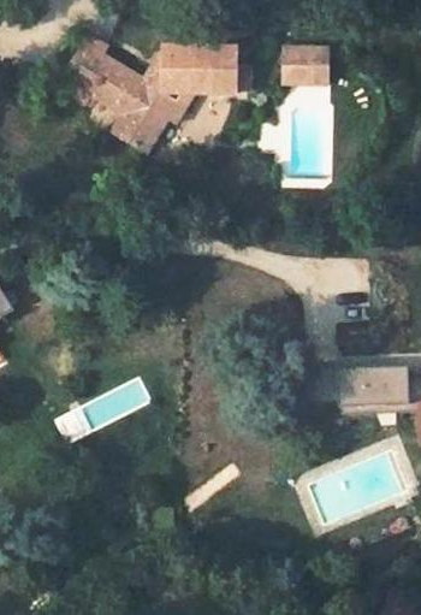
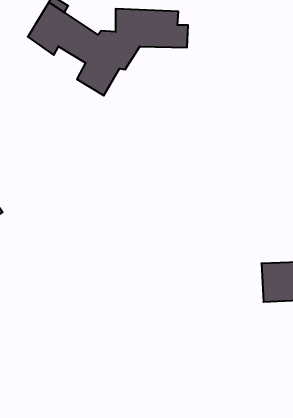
building: [281,42,331,84] -> none

